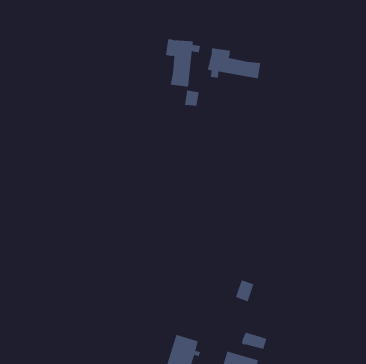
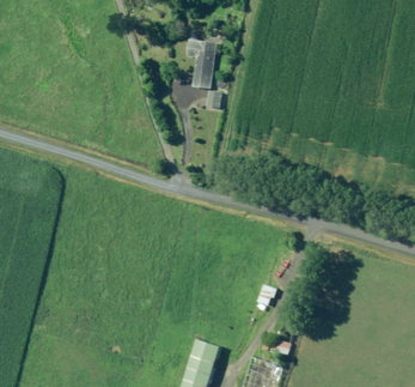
building: [207,48,261,79] -> none

